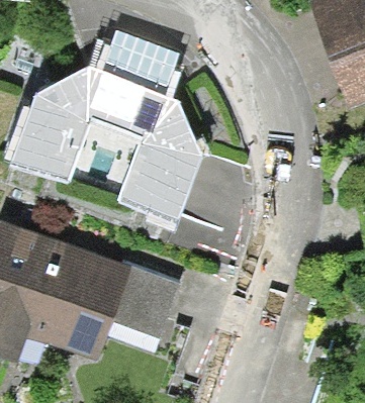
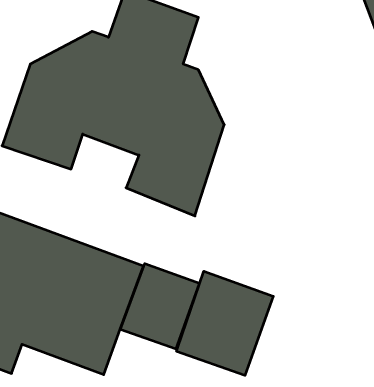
building: none -> [177,271,273,375]

